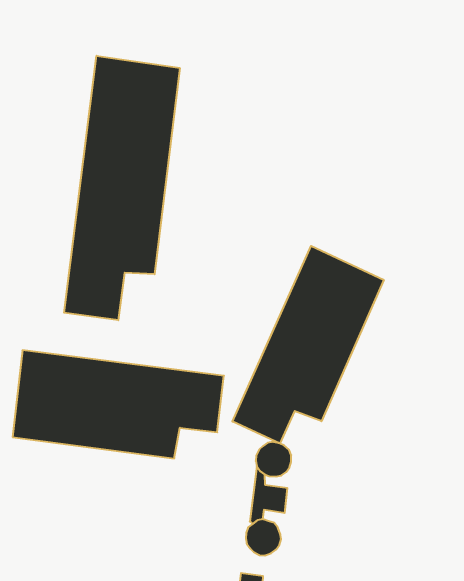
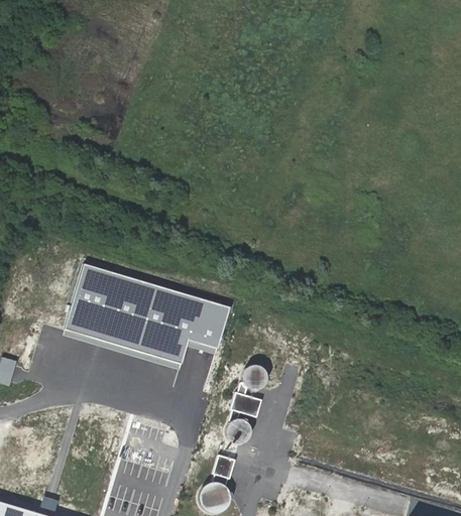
building: [64,56,180,320] -> none
building: [232,246,384,443] -> none

